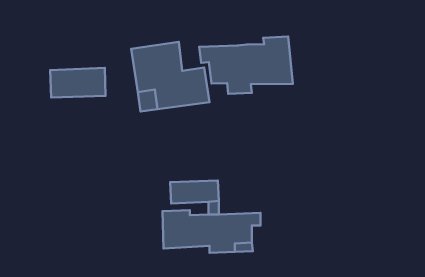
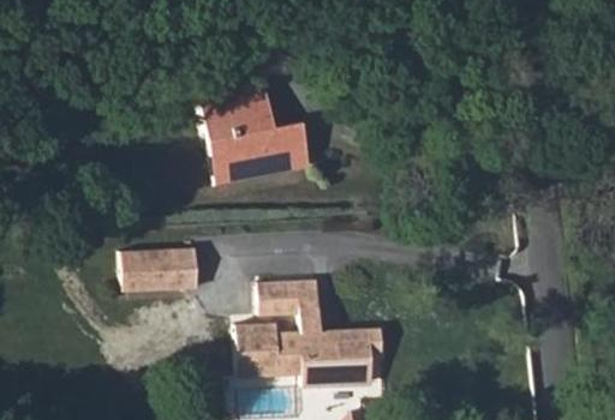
building: [199,37,293,94] -> none
building: [50,68,106,97] -> [126,248,204,290]

